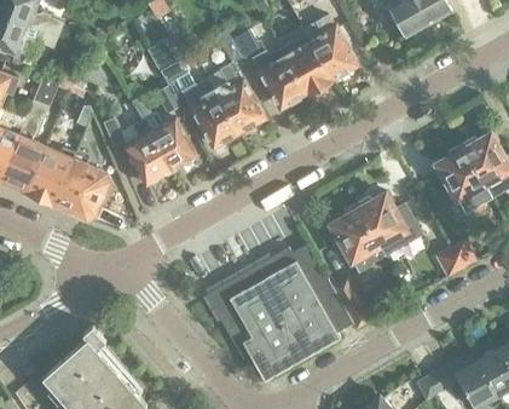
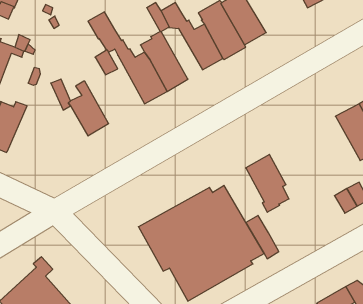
building: [131,97,196,171] -> none
building: [52,150,108,217] -> none
building: [359,192,409,242] -> none

